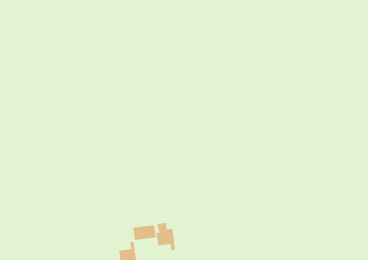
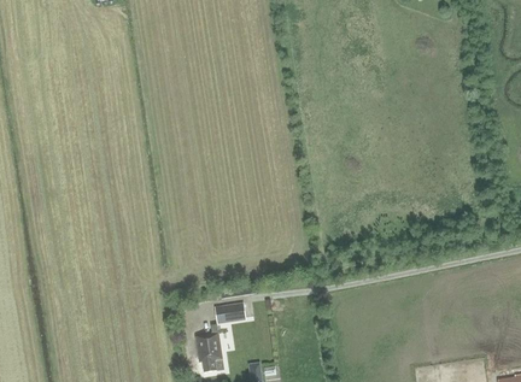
building: [156,222,175,251] -> none

